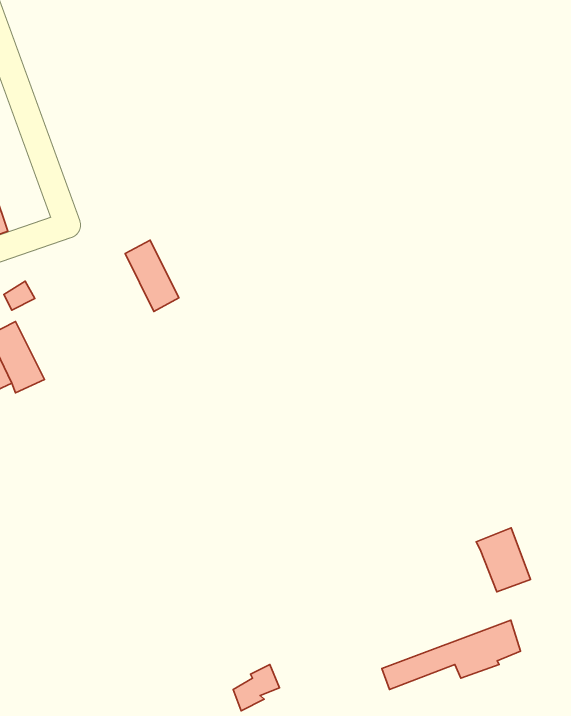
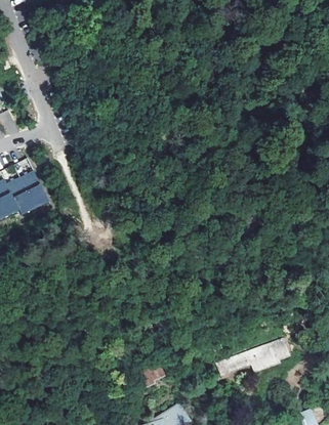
building: [125,240,179,311] -> [22,171,50,209]
building: [476,528,530,592] -> none

